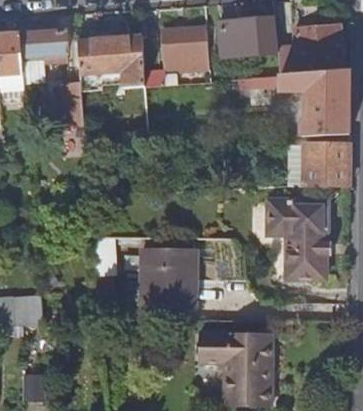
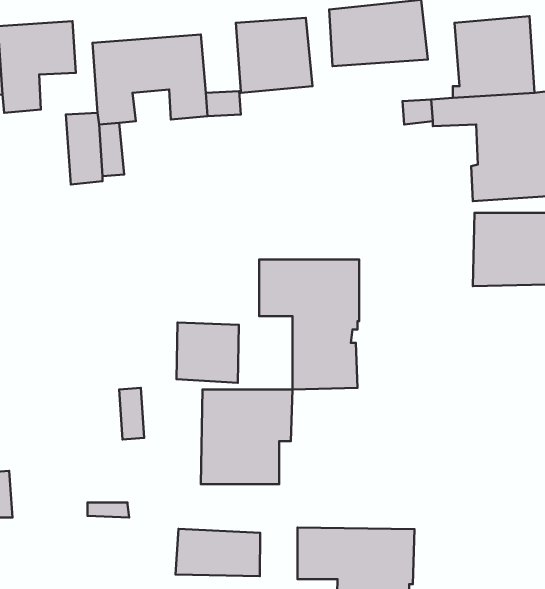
building: [267,201,327,279] -> [259,259,359,389]
building: none -> [177,323,239,383]
building: none -> [175,529,260,576]

